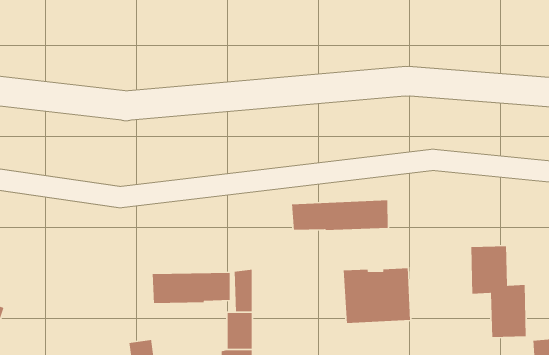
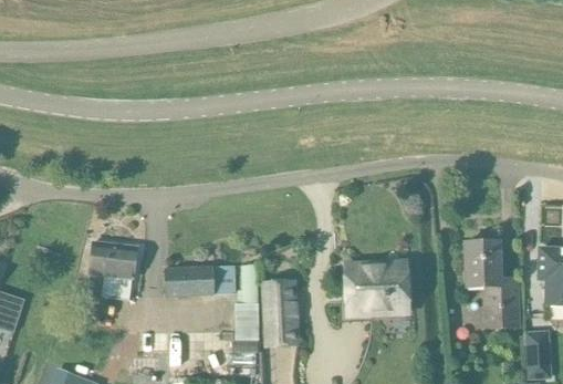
building: [291,199,388,231] -> none
building: none -> [90,241,136,300]
building: none -> [263,280,296,339]

